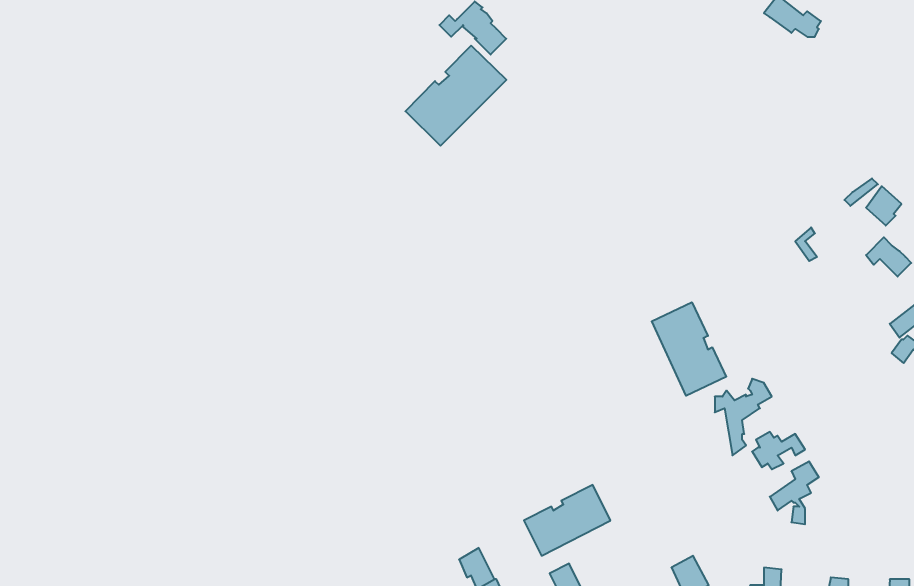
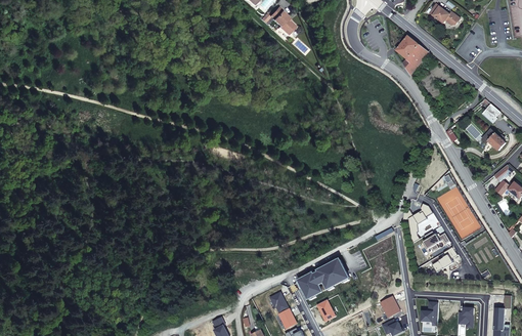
building: [405,46,506,146] -> none
building: none -> [396,36,429,79]
building: [652,302,726,396] -> none

